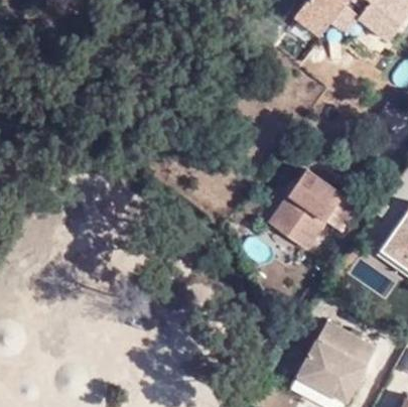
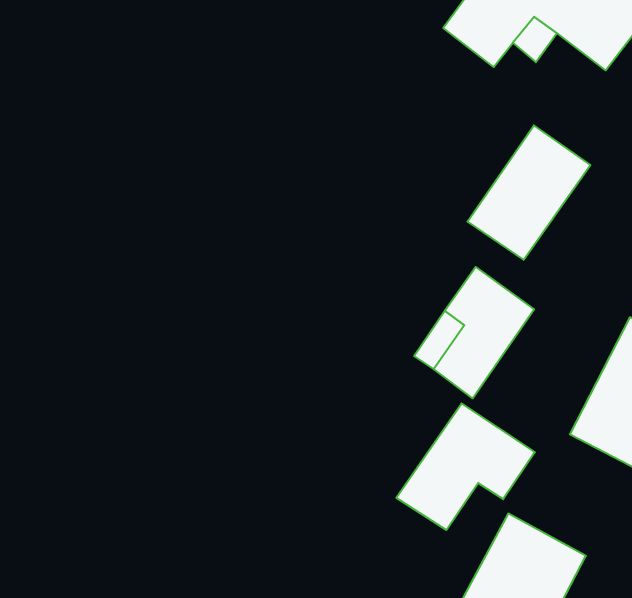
building: none -> [467,125,590,260]
building: none -> [396,403,535,530]

